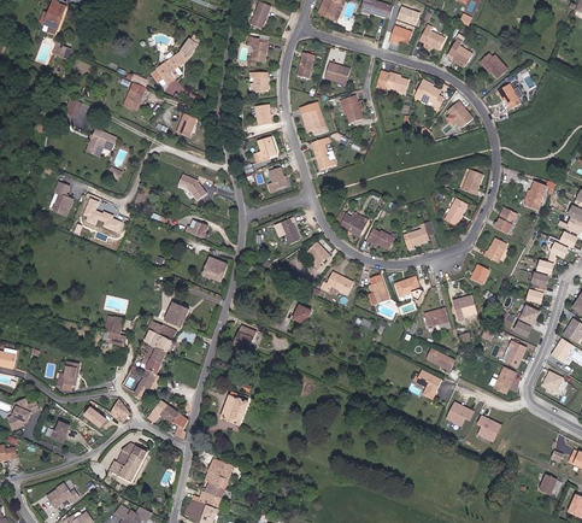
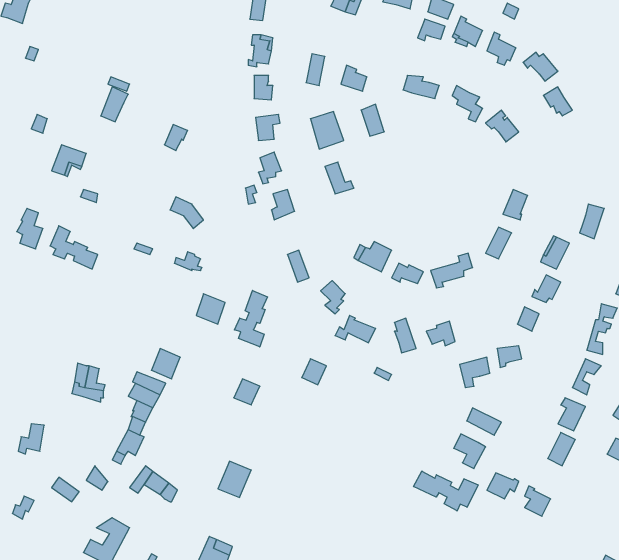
building: [153,40,199,86] -> none
building: none -> [234,290,267,347]
building: none -> [414,471,478,511]

